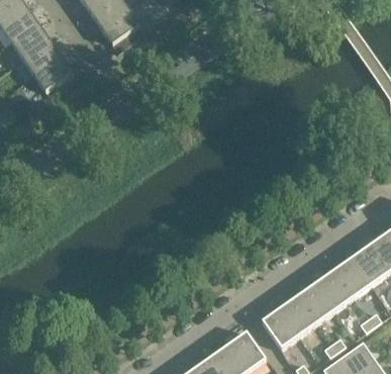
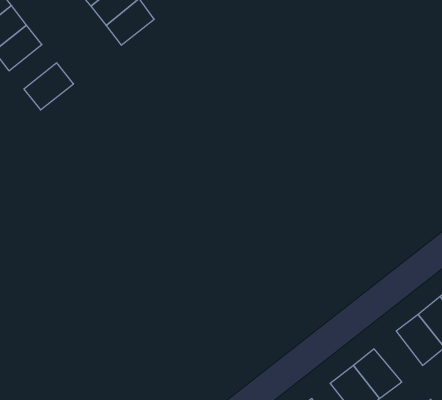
building: [22,39,61,74] -> none
building: [298,282,335,322] -> none

